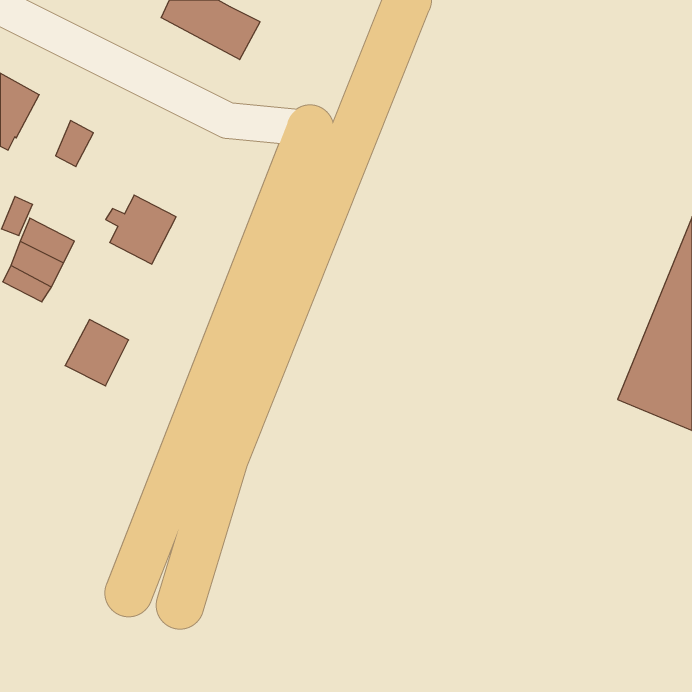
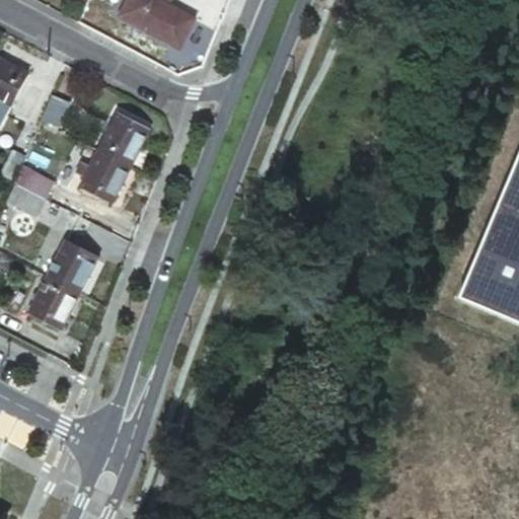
building: none -> [100,113,148,162]
building: none -> [29,274,79,325]

